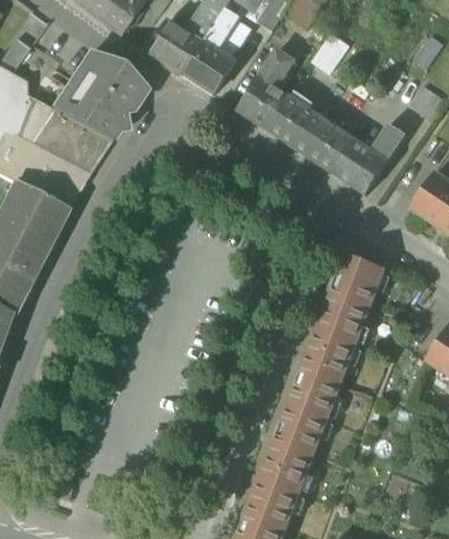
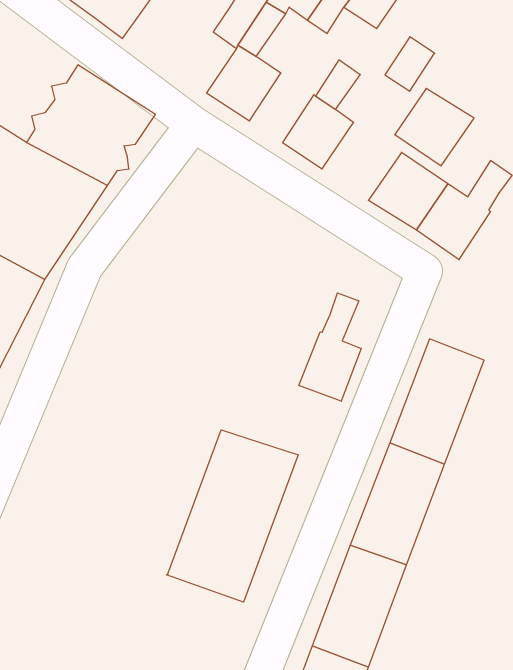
building: [149,18,204,73] -> none
building: [267,95,324,151] -> [395,88,474,166]
building: none -> [299,293,361,401]
building: none -> [167,430,298,602]

